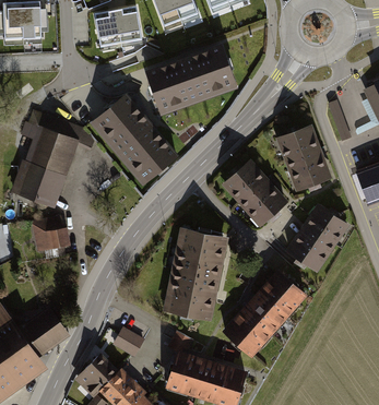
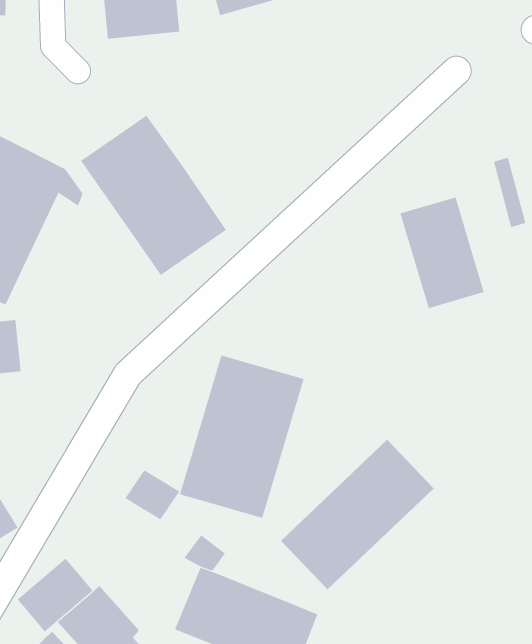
building: [143,46,236,117] -> none
building: [222,157,288,225] -> none
building: [285,204,351,275] -> none
building: [111,327,143,356] -> [124,469,180,520]

